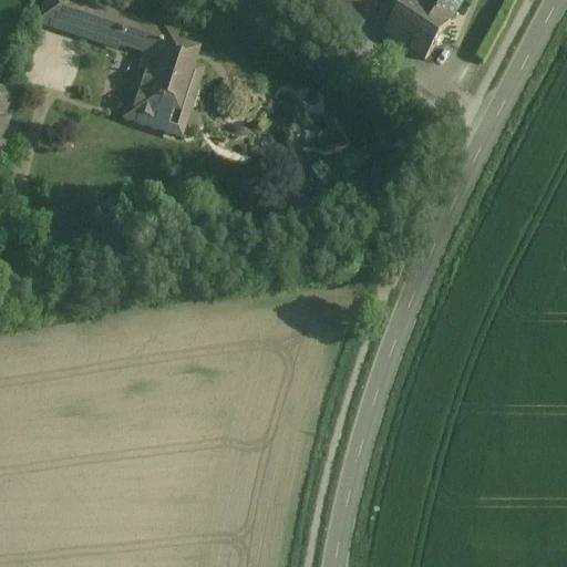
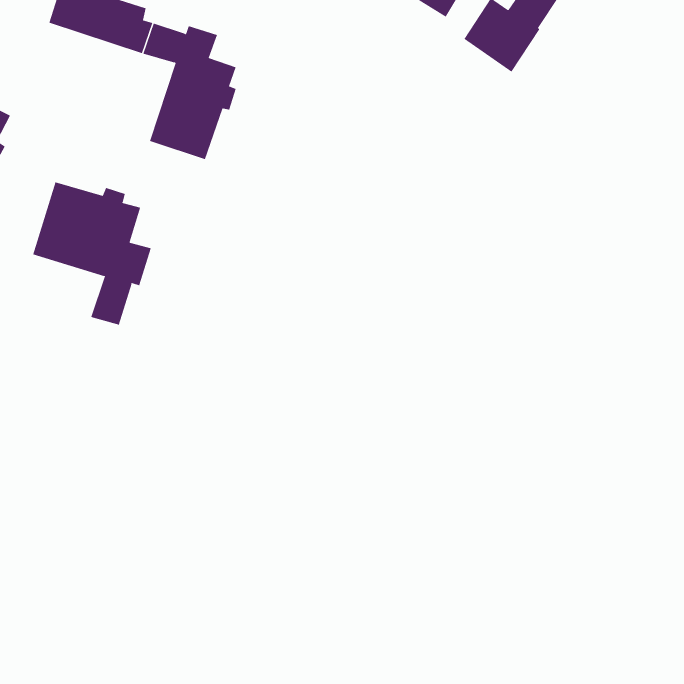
building: none -> [33,182,152,326]

